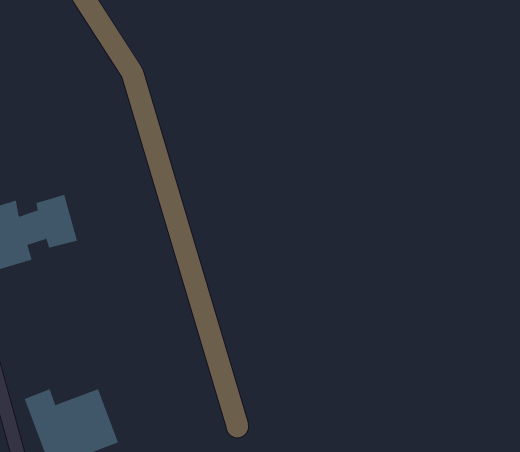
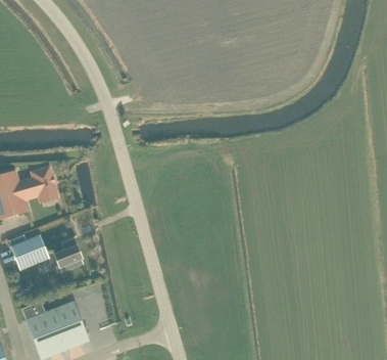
building: none -> [9,234,83,273]

